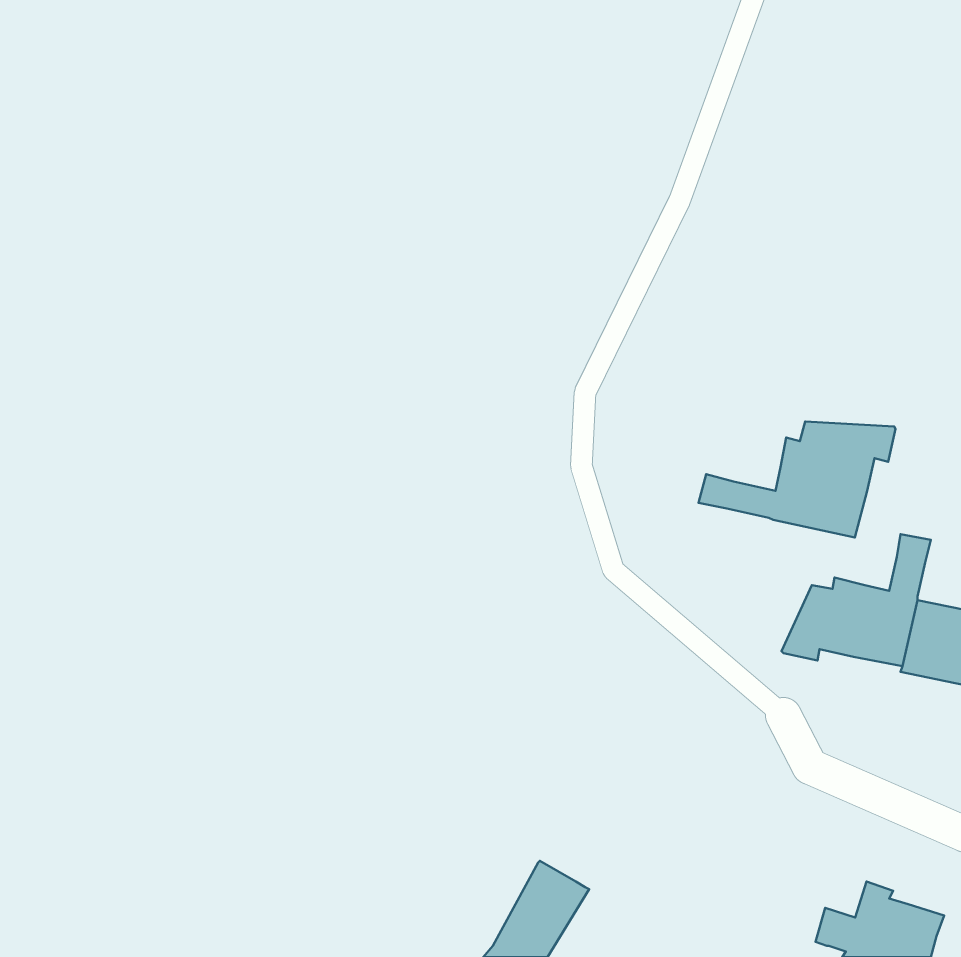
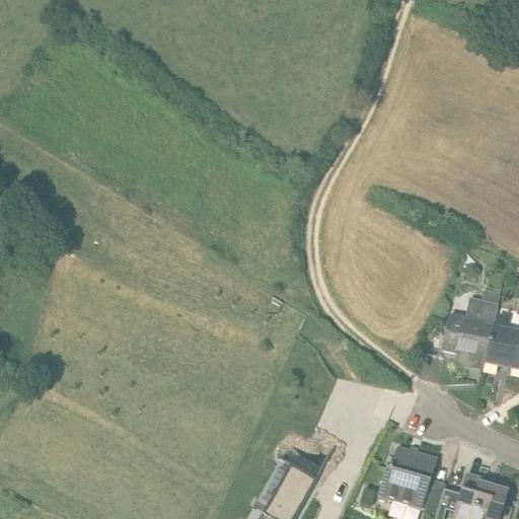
building: [698,422,895,538] -> none
building: none -> [378,445,439,509]

